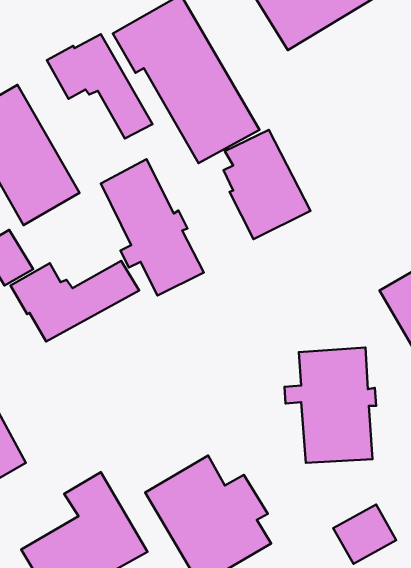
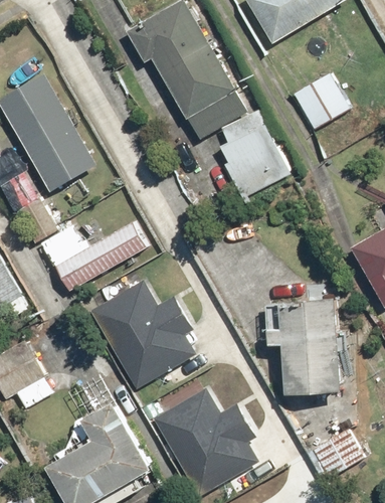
building: [47,34,153,139] -> none
building: none -> [292,73,349,131]
building: [101,159,204,296] -> none
building: none -> [89,281,195,389]

